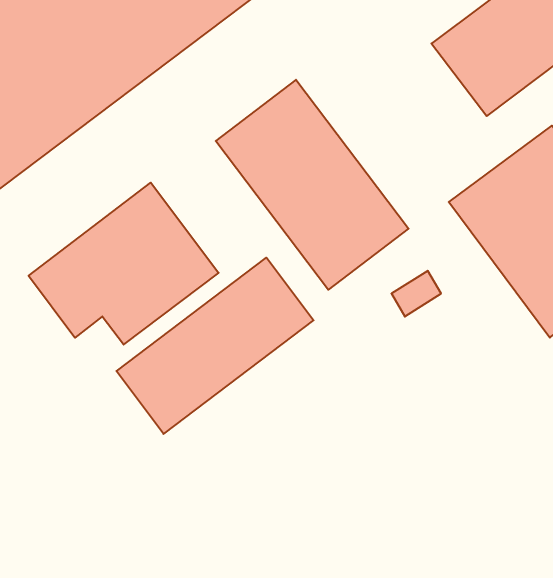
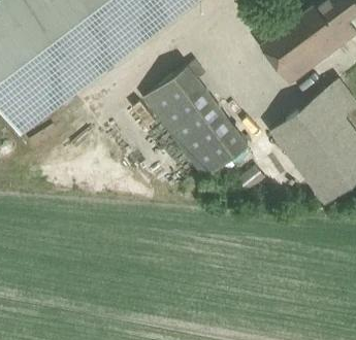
building: [29,183,219,345] -> none
building: [116,258,314,434] -> none

